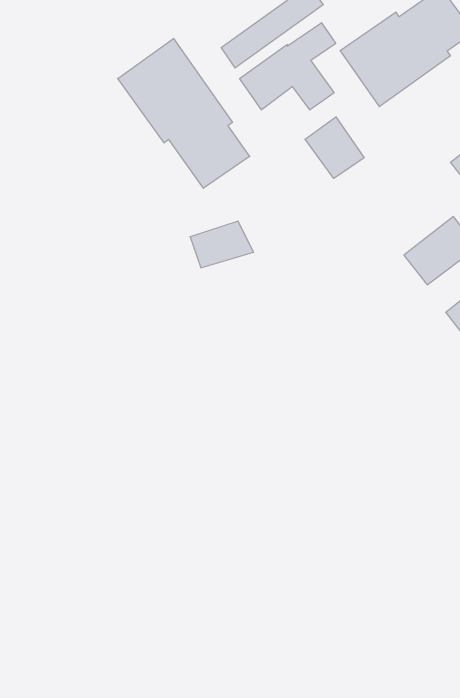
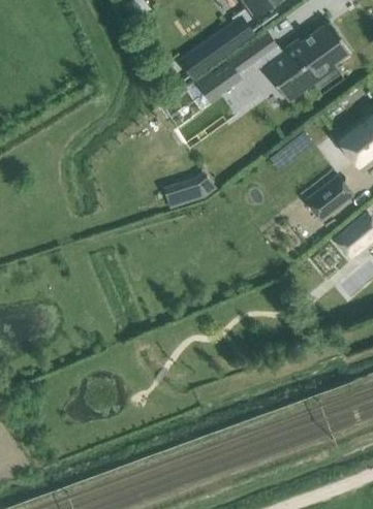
building: [118,38,250,188] -> none
building: [305,117,364,178] -> none

